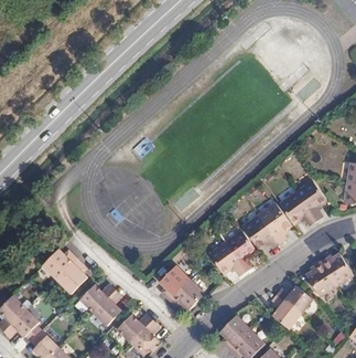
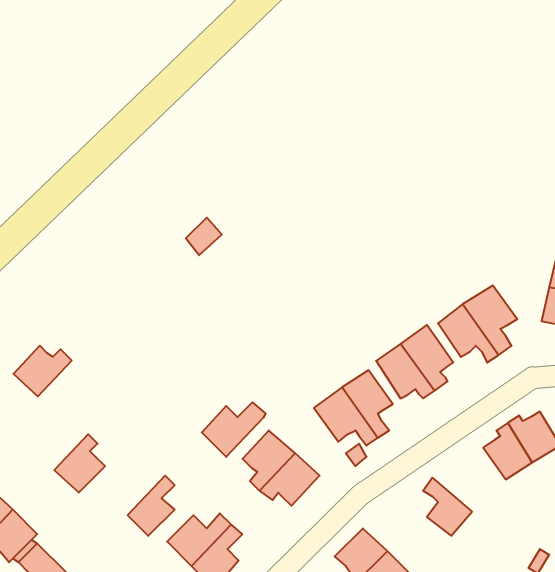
building: [40,256,74,286] -> [13,346,72,396]
building: [83,281,120,313] -> [202,402,266,457]
building: [276,283,311,310] -> none

